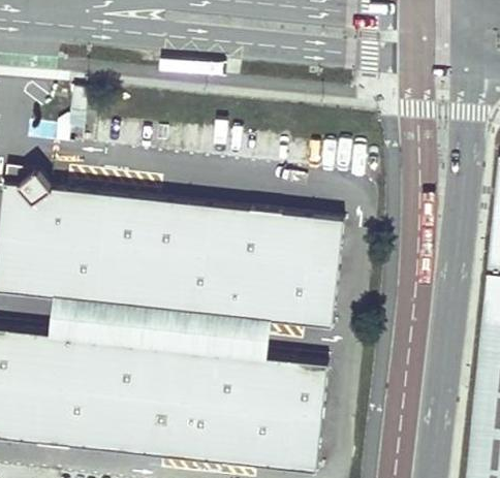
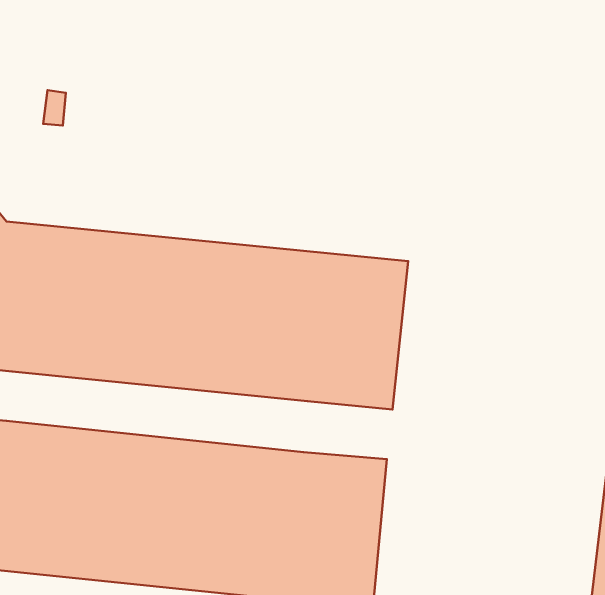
building: [49,299,269,358] -> none

